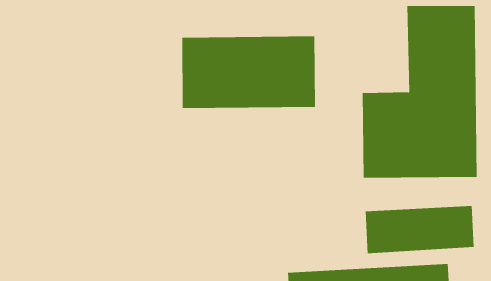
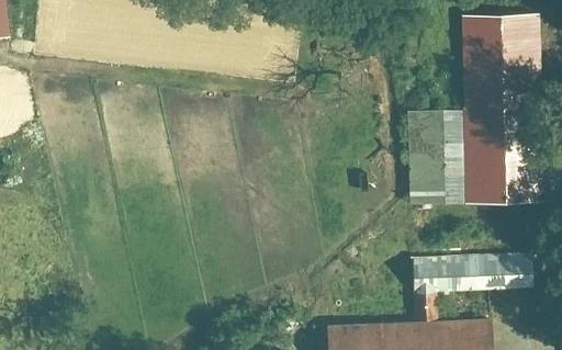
building: [182,36,315,109] -> none

